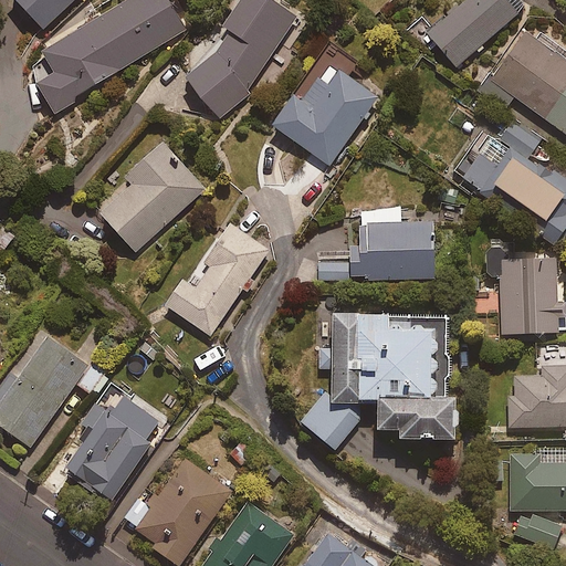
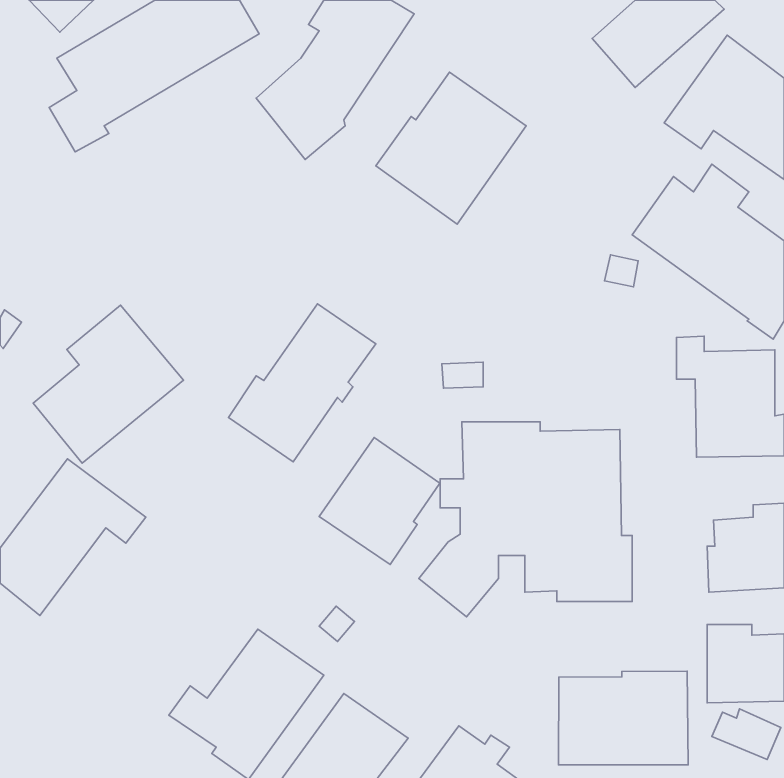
building: [98,138,207,252] -> [33,305,183,463]
building: [359,209,434,282] -> none
building: none -> [319,437,440,565]
building: [67,396,159,501] -> none
building: none -> [559,671,688,765]

